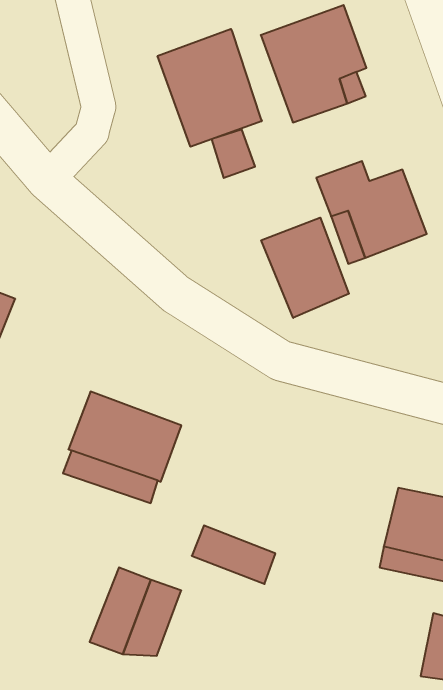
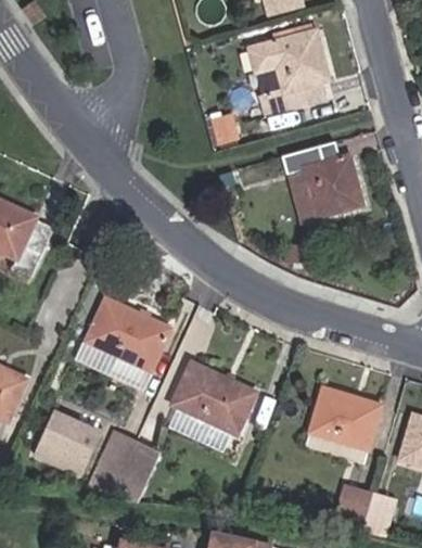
building: [158,29,262,147] -> none
building: [261,218,349,318] -> none
building: none -> [175,361,254,431]
building: none -> [35,412,101,475]

